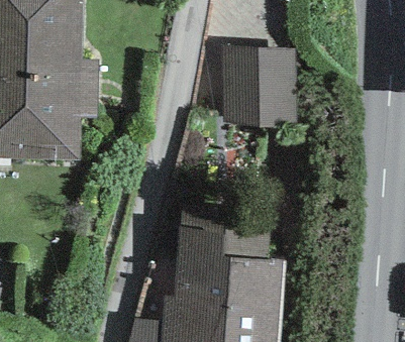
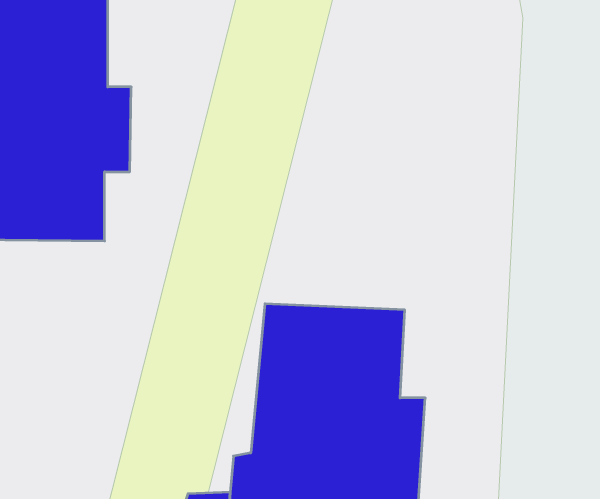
building: [223,48,298,126] -> none

